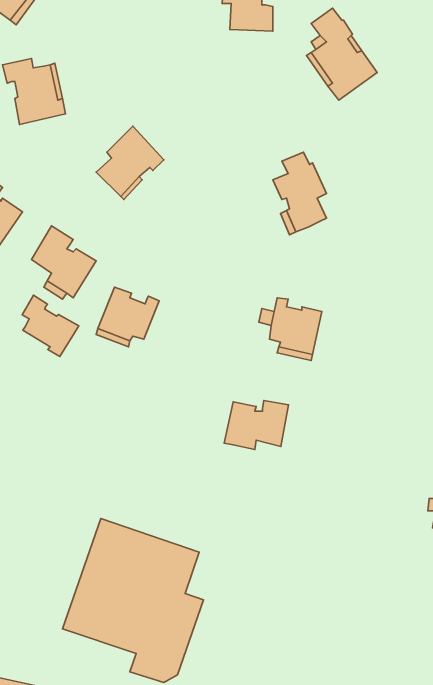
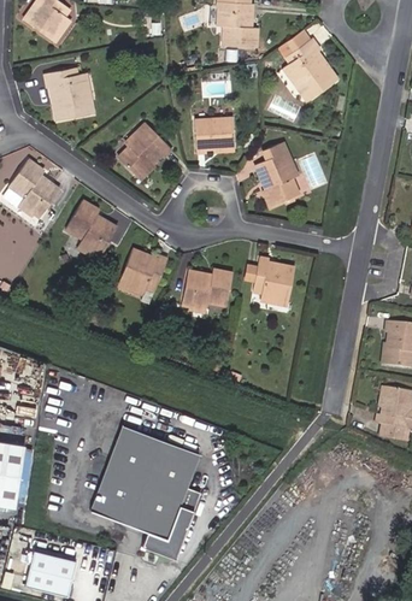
building: none -> [194,118,234,153]
building: [22,295,79,357] -> none
building: [224,400,288,449] -> [181,269,231,307]

